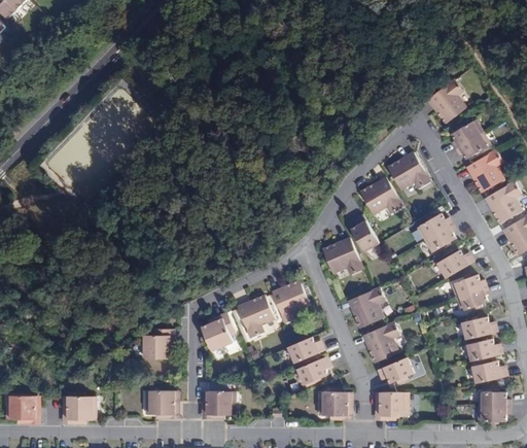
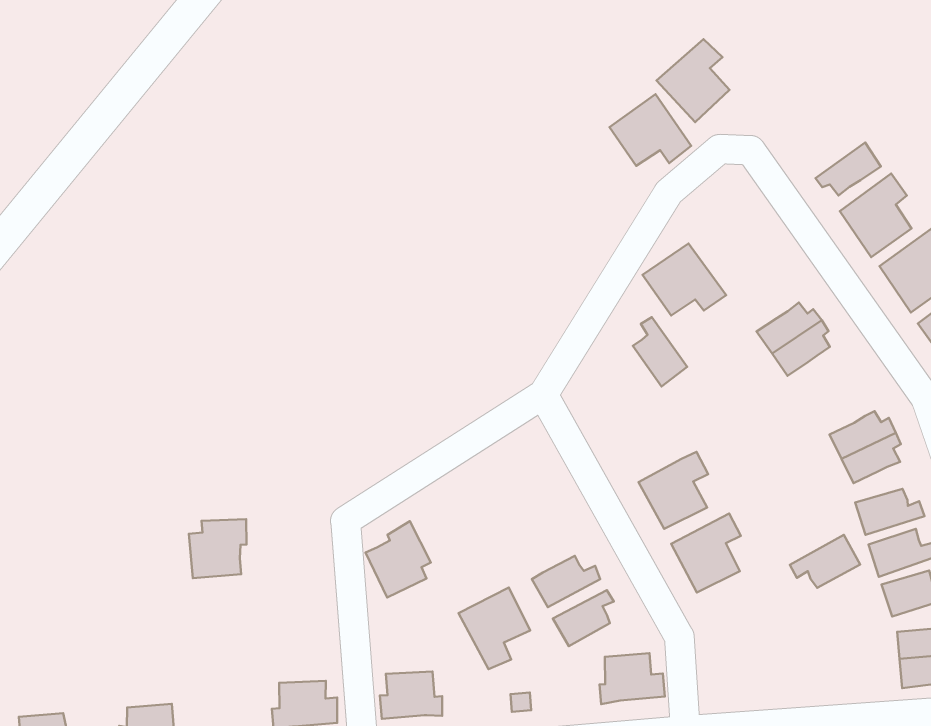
building: [427,79,465,123] -> [656,39,729,122]
building: [452,119,483,148] -> none
building: [387,152,429,189] -> [609,94,691,166]
building: [323,239,361,272] -> none
building: [436,250,473,278] -> none
building: [272,280,309,323] -> none
building: [237,295,274,337] -> [458,587,530,669]
building: [143,329,174,358] -> [189,519,246,578]
building: [377,356,414,383] -> [790,535,860,588]
building: [375,391,408,416] -> none

